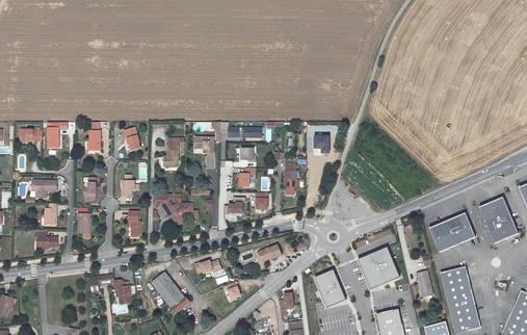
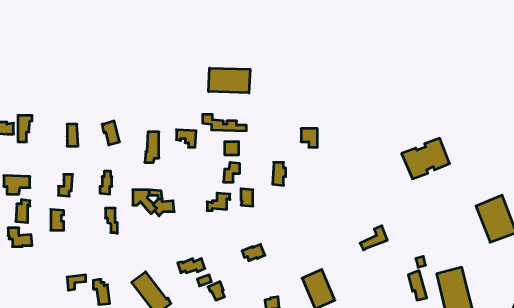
building: none -> [209,68,250,93]
building: [428,214,474,253] -> [402,138,450,179]
building: [358,248,400,289] -> none

